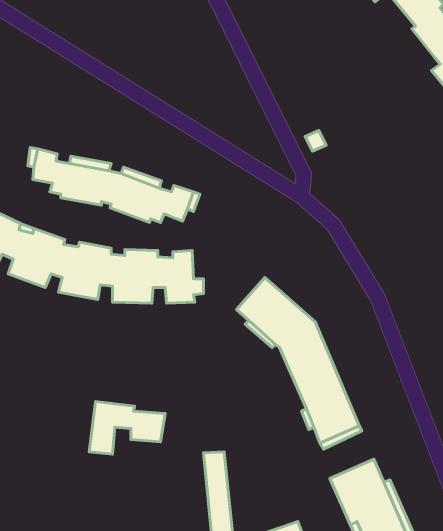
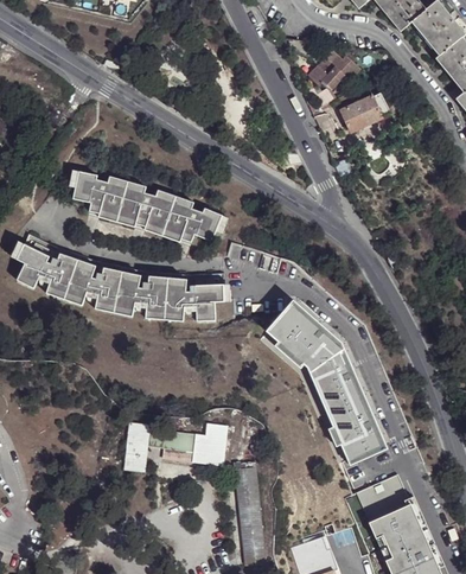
building: none -> [307,55,360,90]
building: none -> [336,91,389,132]
building: none -> [192,420,229,464]

